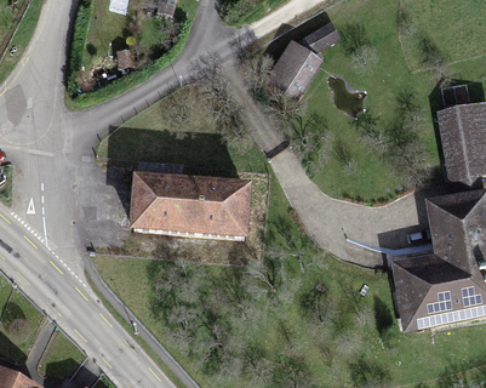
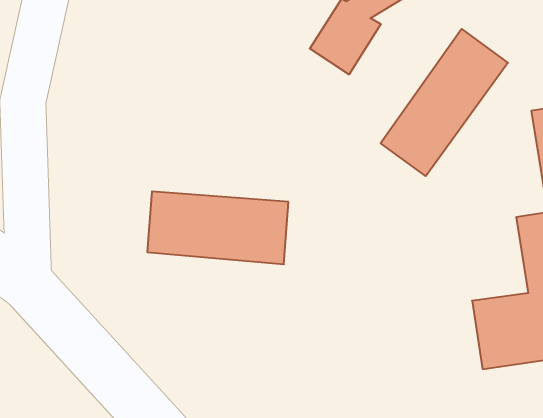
building: none -> [381,29,508,176]

